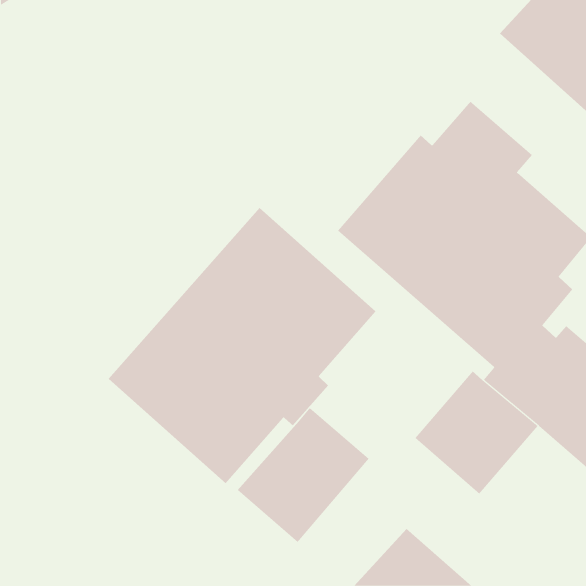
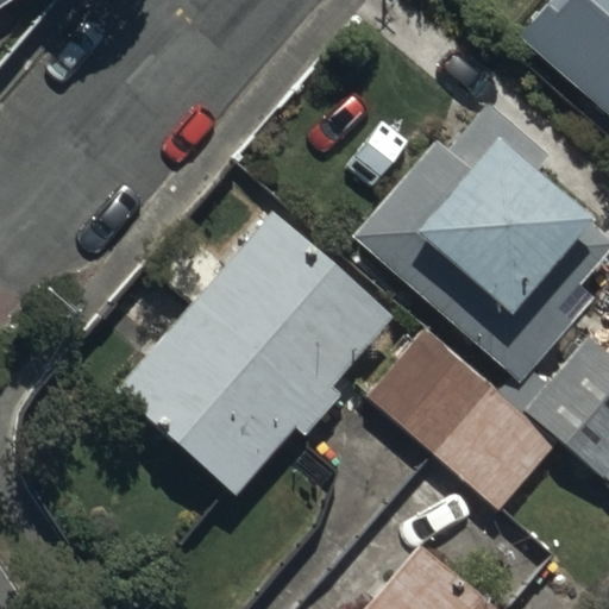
building: none -> [365,324,491,450]
building: [237,407,370,543] -> none

